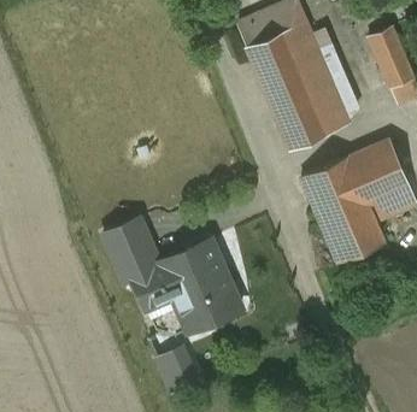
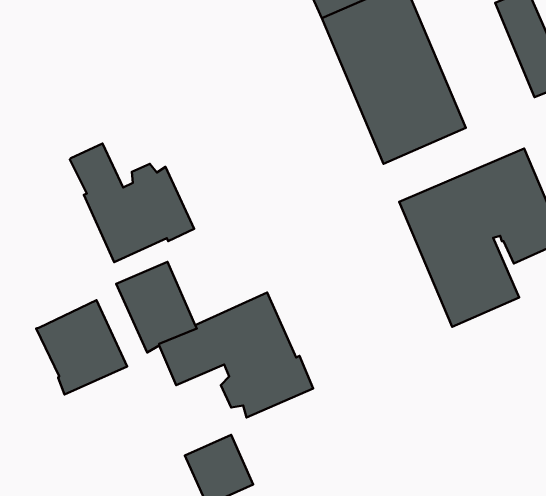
building: none -> [70,143,194,262]
building: none -> [36,300,127,395]

